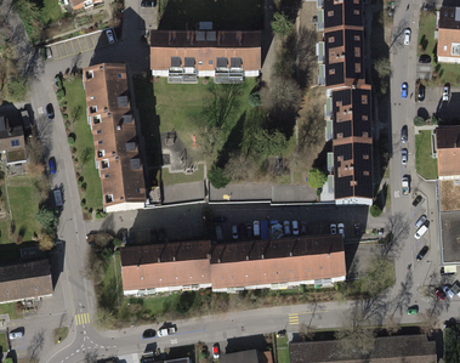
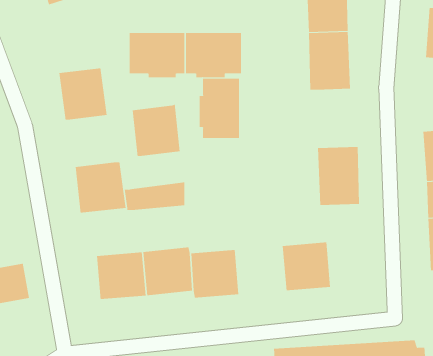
building: none -> [199,78,240,139]
building: [330,89,371,146] -> none
building: [90,113,137,164] -> [132,104,181,157]
building: [252,240,301,288] -> none

